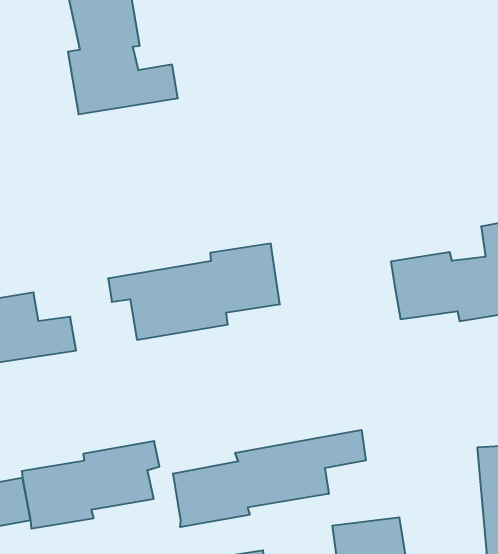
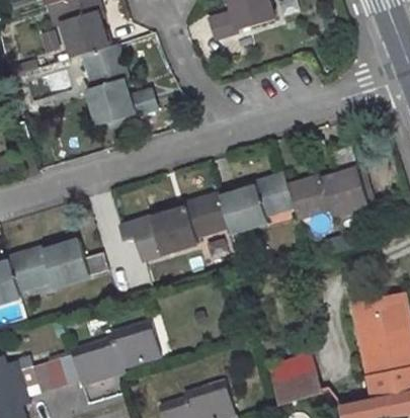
building: none -> [211,174,289,236]
building: [173,430,366,527] -> none

